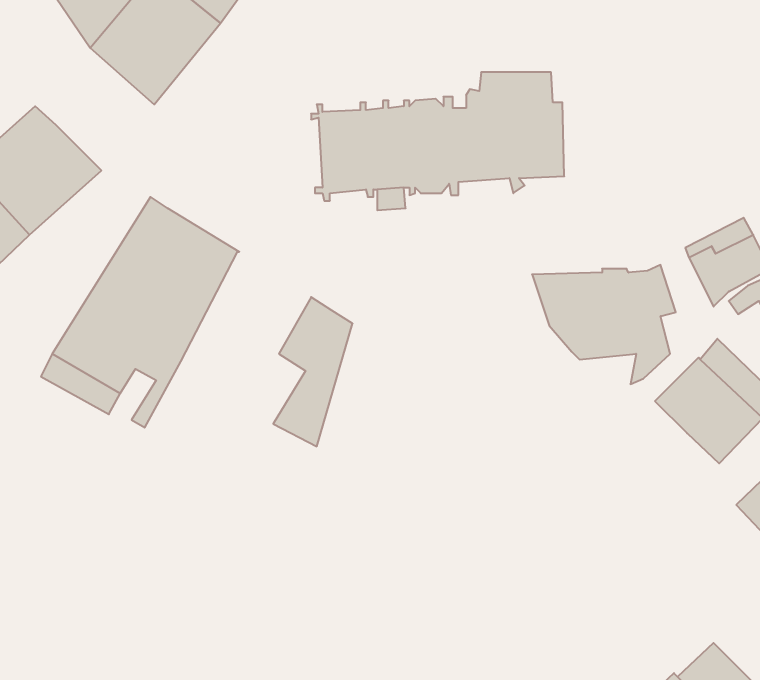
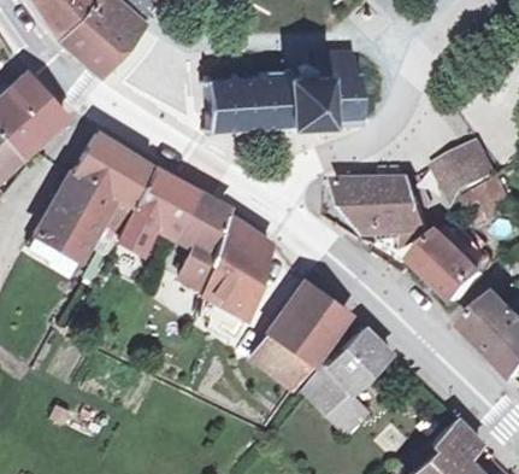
building: none -> [117,168,200,252]
building: none -> [204,213,270,317]
building: none -> [253,281,348,388]
building: none -> [302,327,389,435]

